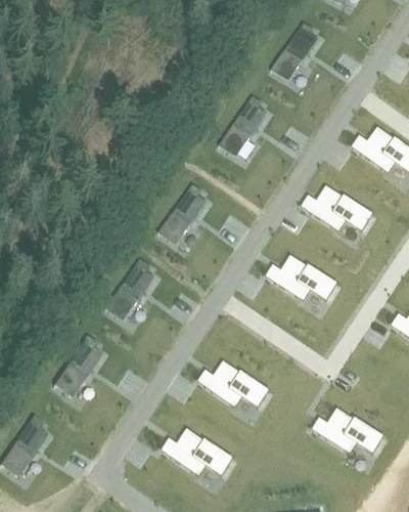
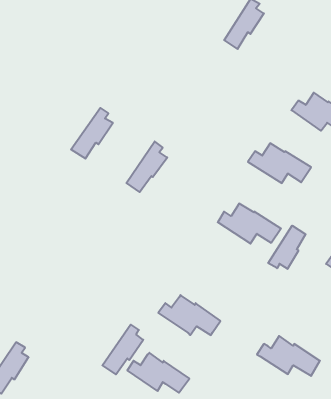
building: [221,96,267,155] -> none
building: [107,260,155,318] -> [71,108,113,159]
building: none -> [268,226,306,269]
building: [55,337,102,394] -> [102,325,143,374]

